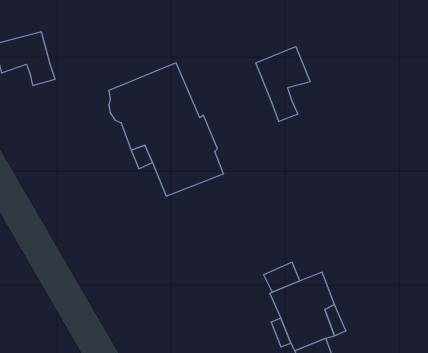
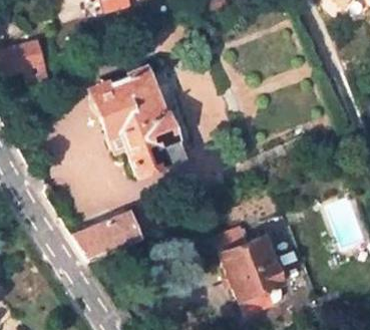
building: [256,47,310,122] -> none
building: none -> [73,213,140,261]

